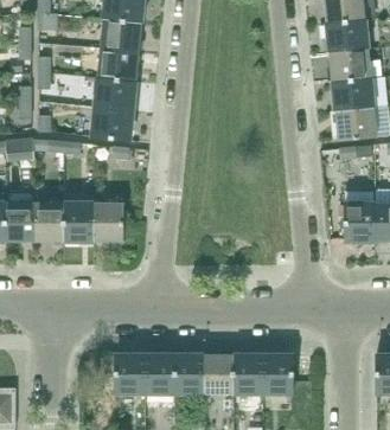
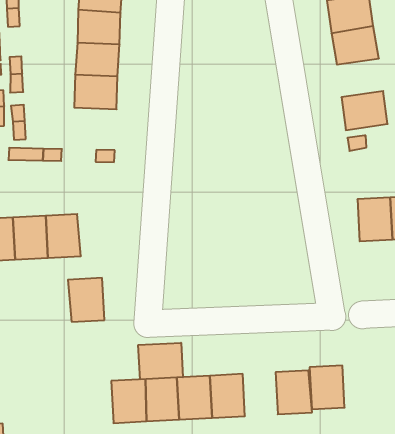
building: [333,77,373,110] -> none
building: [91,107,133,140] -> none
building: [92,203,123,240] -> [68,278,104,322]
building: none -> [138,343,183,379]
building: [234,354,263,392] -> [310,366,345,409]

